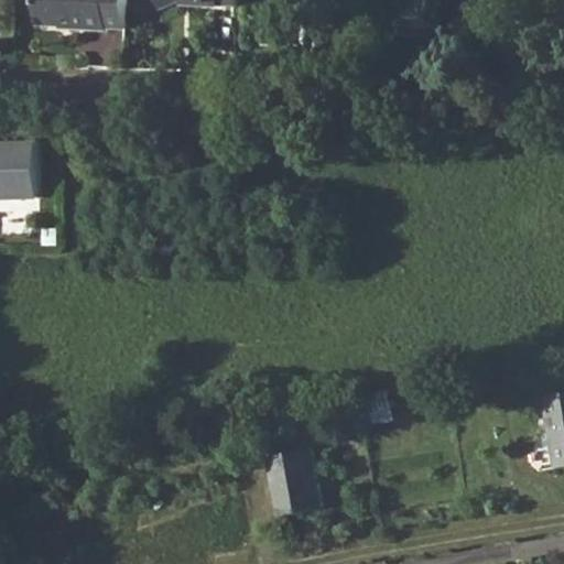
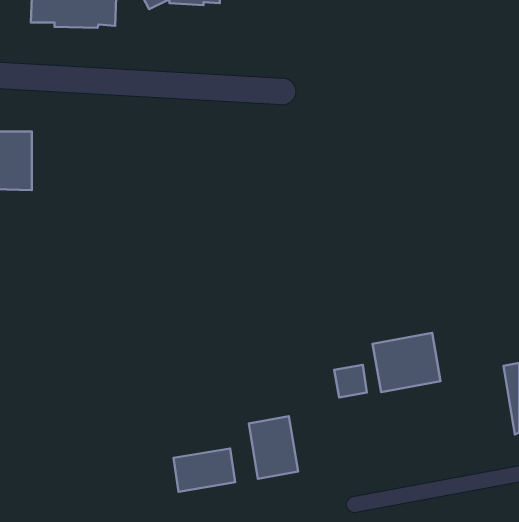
building: none -> [373,333,440,392]
building: none -> [174,448,235,492]

